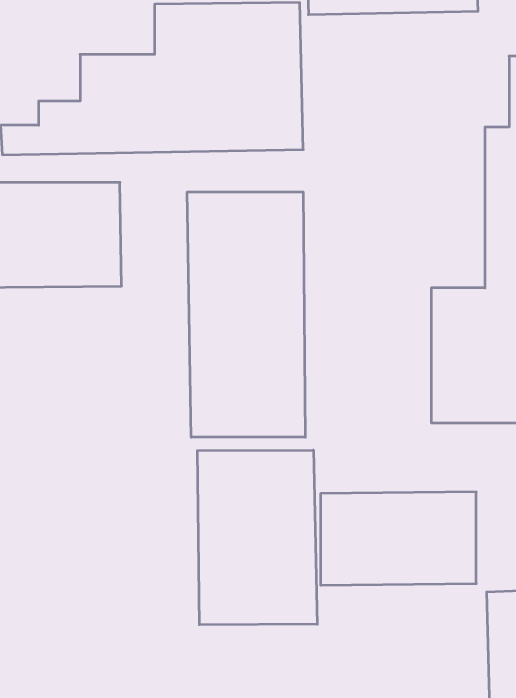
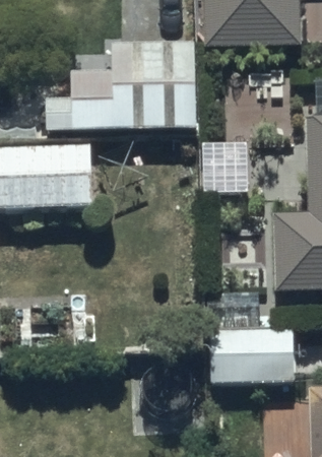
building: [187,192,305,437] -> none
building: [197,450,317,625] -> none

